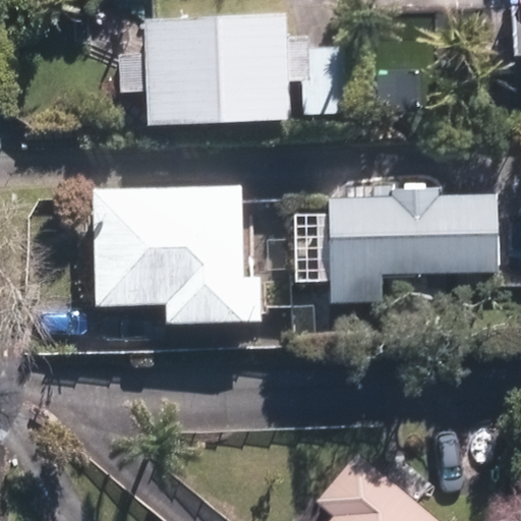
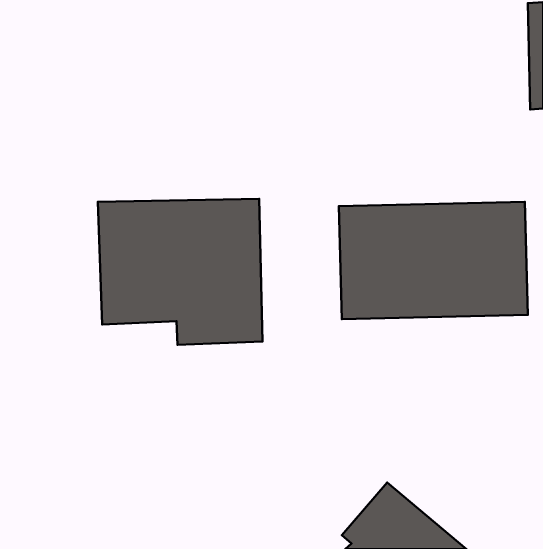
building: [136,13,334,123] -> none

